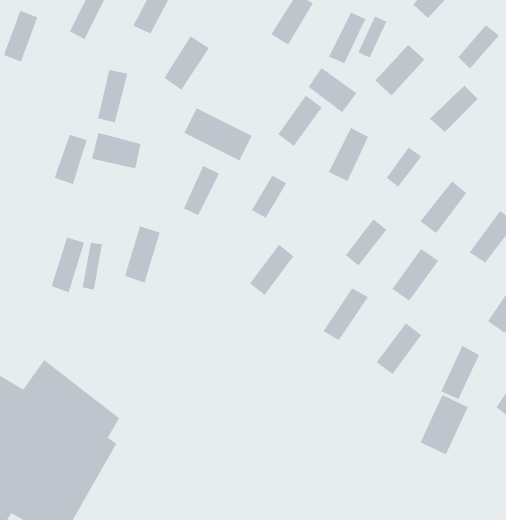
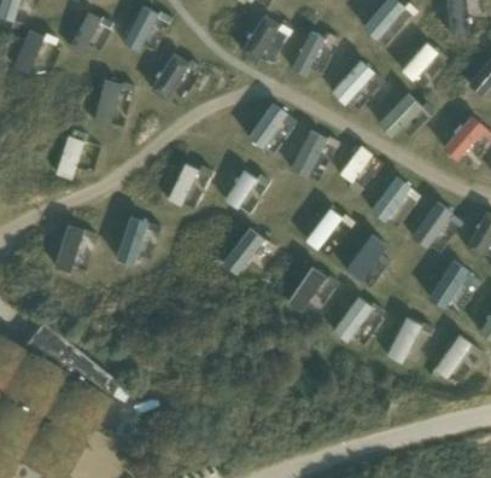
building: [308,67,357,113] -> none
building: [184,107,253,161] -> none
building: [92,132,141,169] -> none
building: [420,394,469,455] -> none

